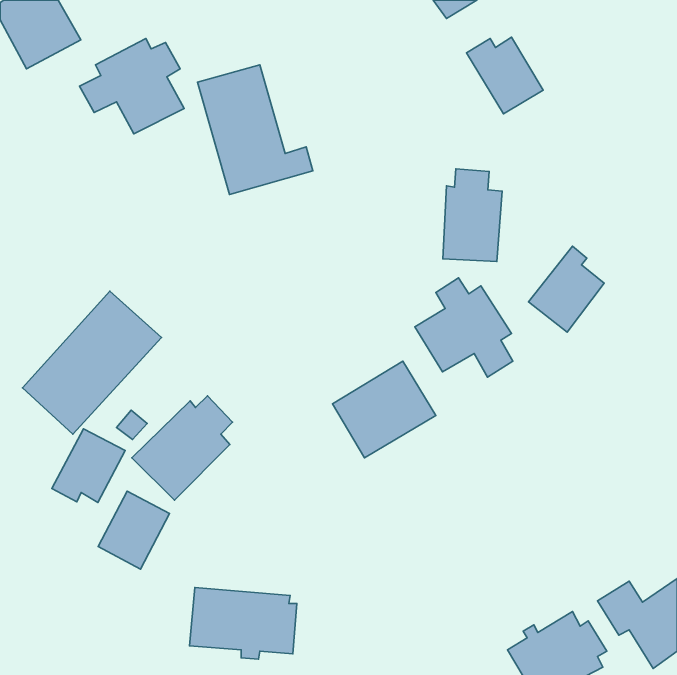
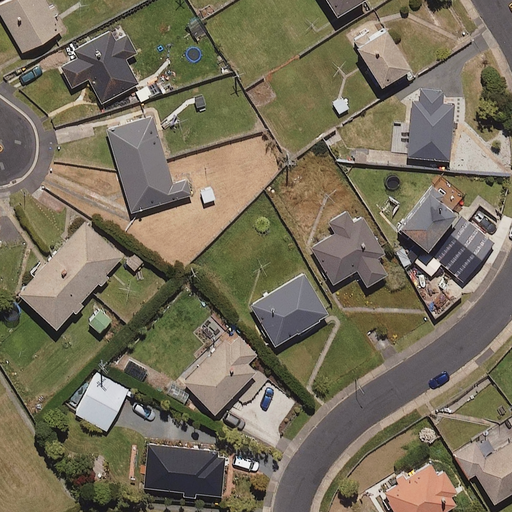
building: [198,65,313,195] -> [106,116,193,214]
building: [443,169,502,261] -> [409,88,454,158]
building: none -> [431,218,493,282]
building: [132,396,233,500] -> [182,336,258,415]
building: [52,429,125,502] -> none

